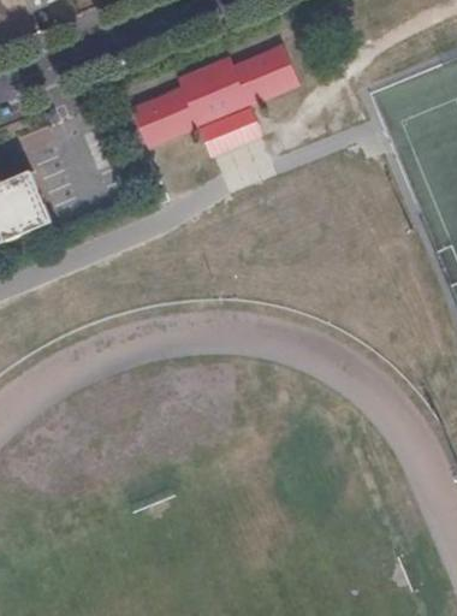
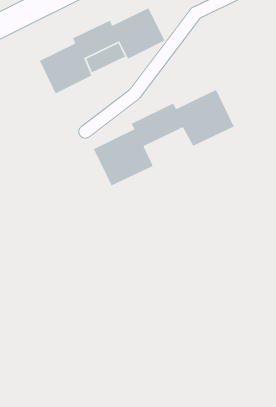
building: none -> [93,89,235,187]

